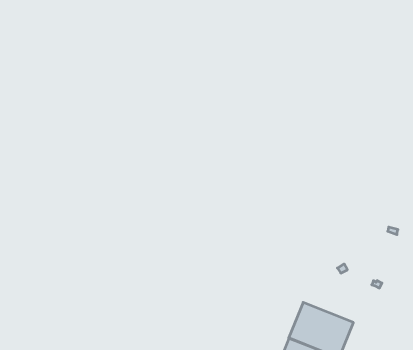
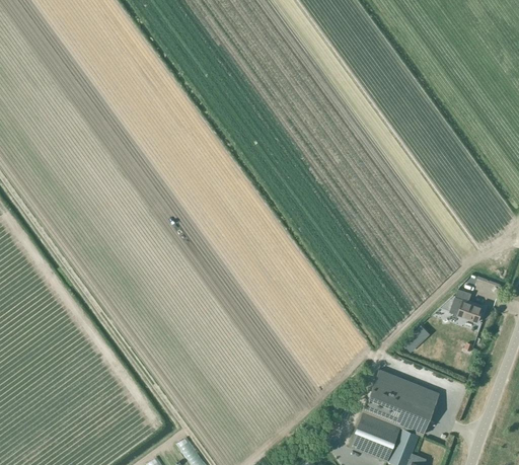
building: none -> [450,290,484,323]

